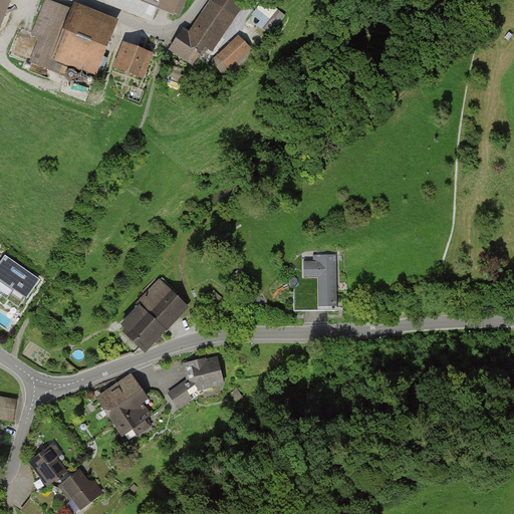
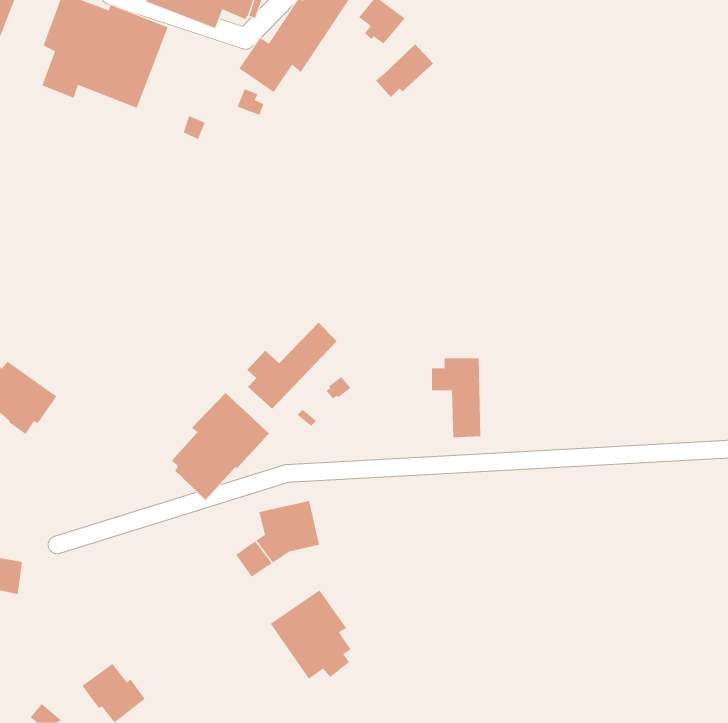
building: [210,32,251,70] -> [375,44,434,98]
building: [111,40,153,78] -> none
building: none -> [246,322,337,410]
building: [95,371,153,435] -> [270,590,351,679]
building: [28,445,68,486] -> none

